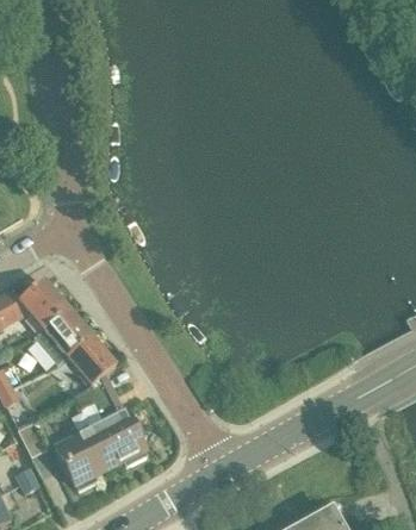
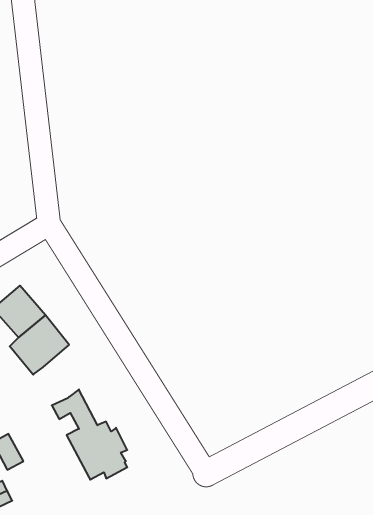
building: [67,337,117,388] -> none
building: [57,429,111,490] -> none

